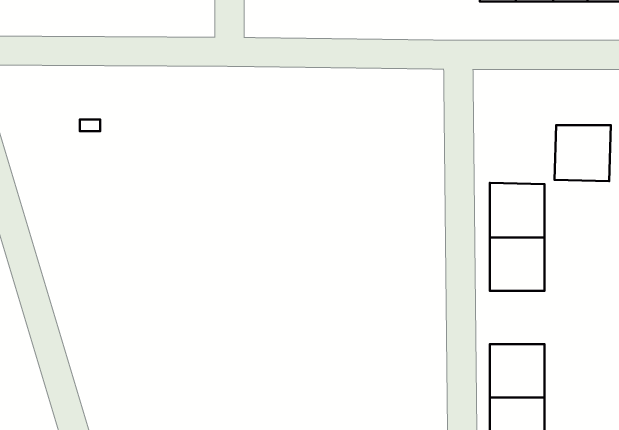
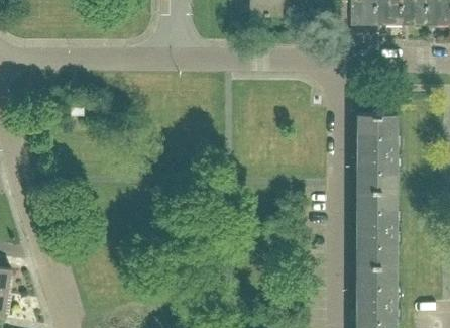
building: [555,125,611,181] -> [358,113,398,152]
building: none -> [358,227,397,264]

